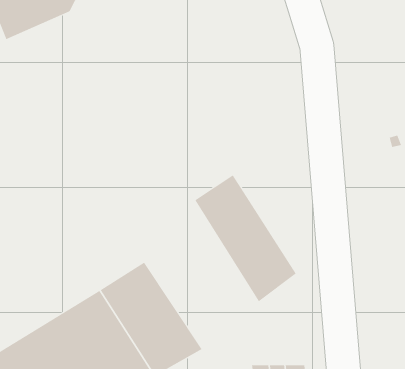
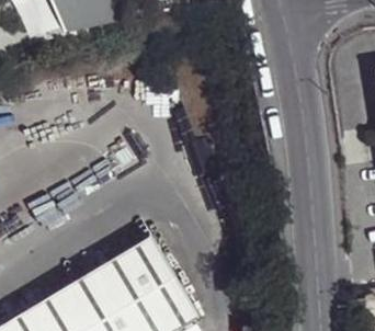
building: [195,175,296,302] -> none

